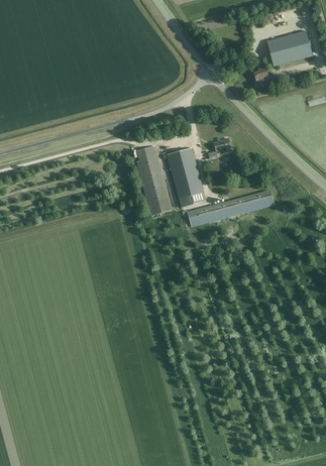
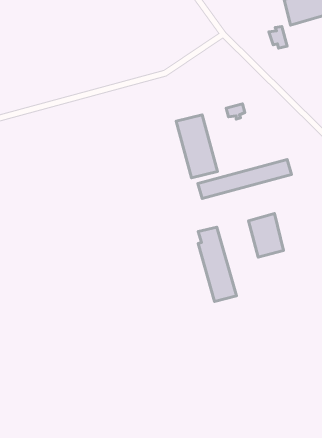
building: [136,146,172,215] -> [198,227,236,301]
building: none -> [248,213,283,257]

